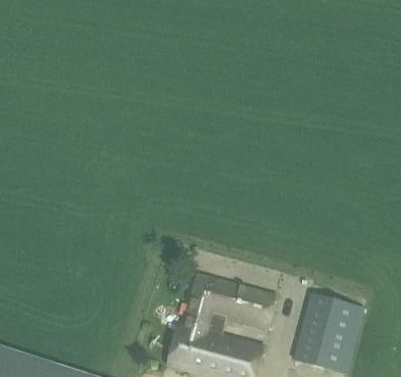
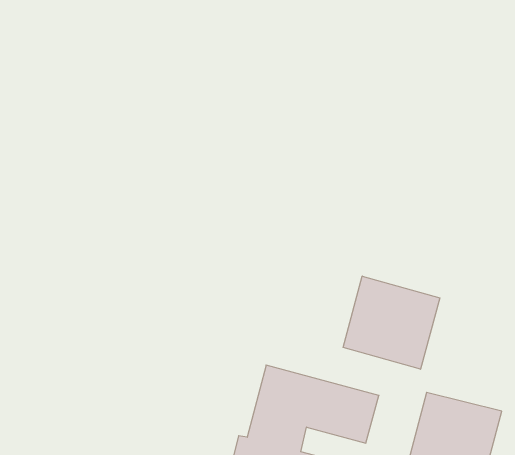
building: none -> [343,276,440,369]

